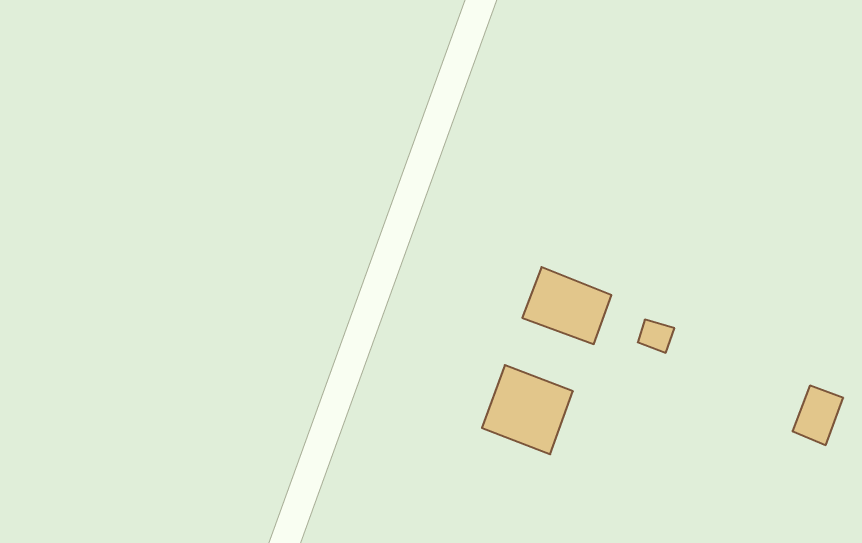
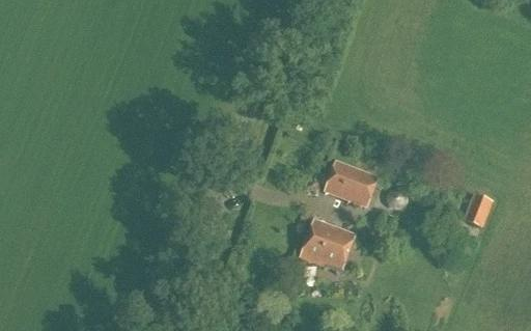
building: [792,386,843,445] -> [463,193,493,228]

